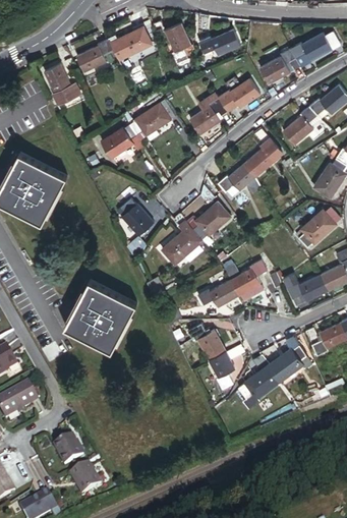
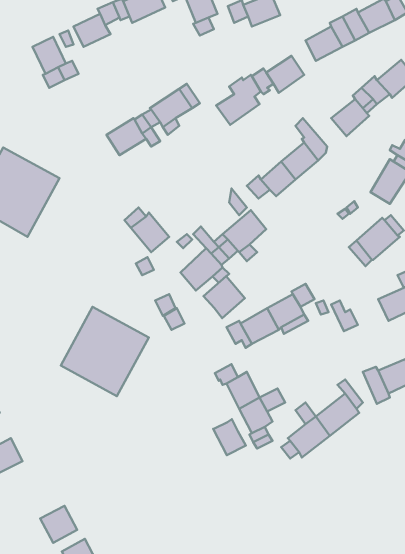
building: none -> [203,276,245,318]
building: [299,273,329,300] -> none
building: none -> [213,419,246,455]

